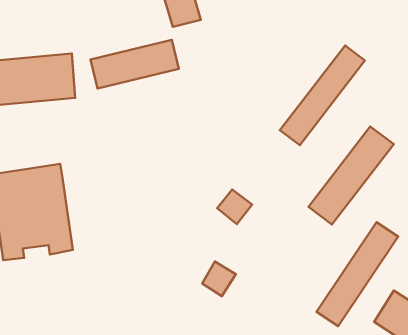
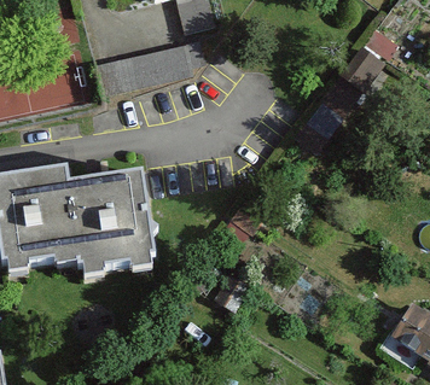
building: [308,126,394,225] -> none
building: none -> [69,176,153,274]
building: [317,222,398,326] -> none

